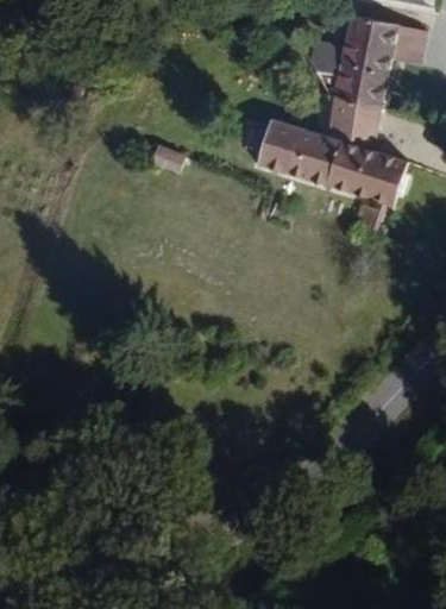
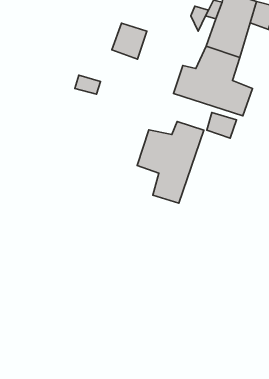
building: [246,114,299,168] -> [112,23,147,59]
building: none -> [137,122,204,203]

